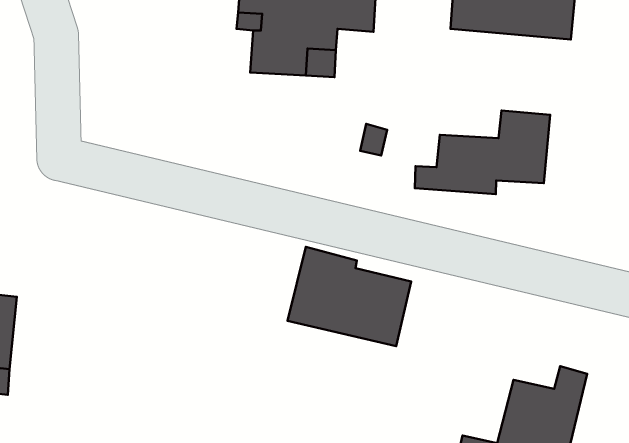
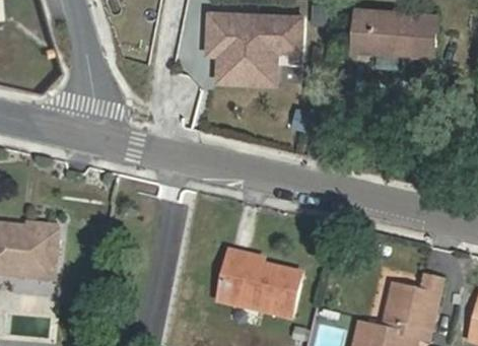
building: [415,111,550,194] -> none
building: [288,247,411,346] -> [216,251,299,318]

